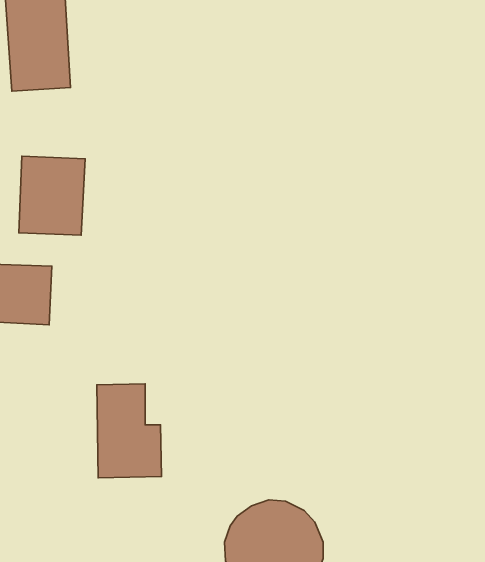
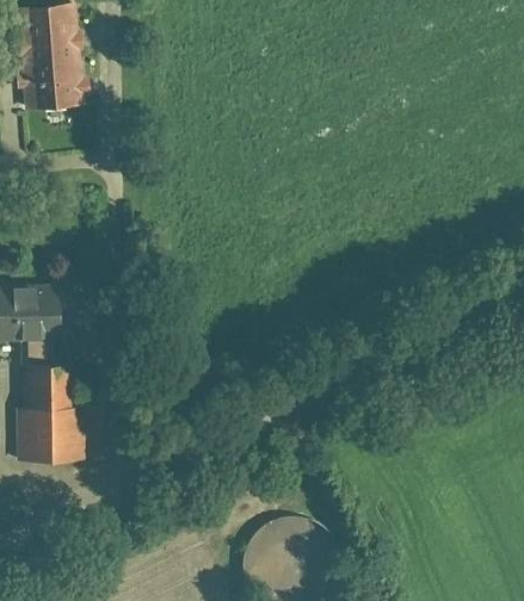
building: [19,156,85,235] -> none
building: [97,384,162,478] -> [25,367,91,463]

